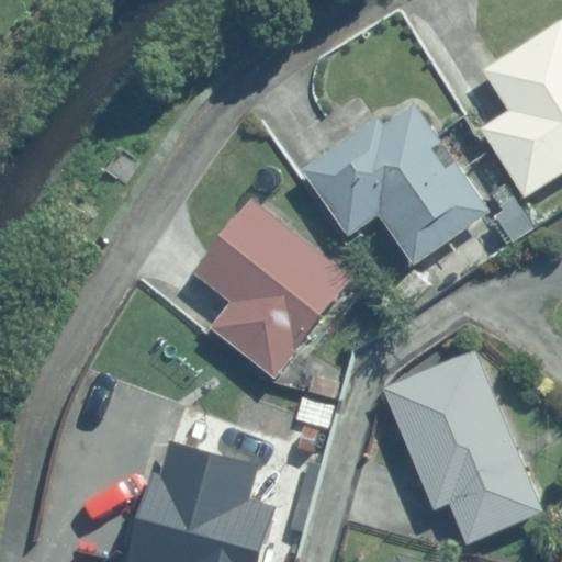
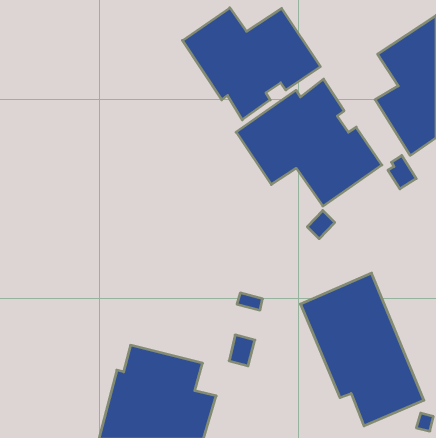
building: none -> [182,8,320,120]
building: [191,200,350,379] -> none

